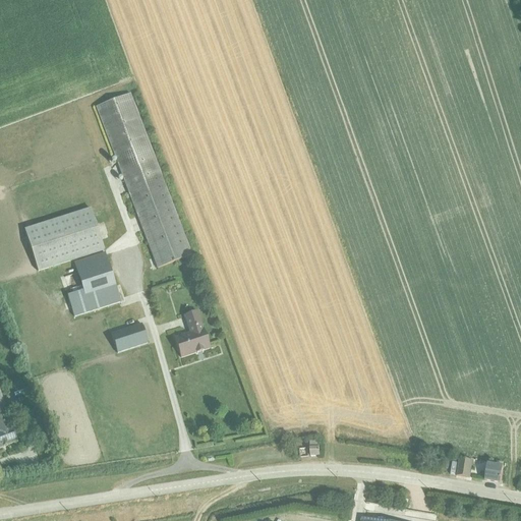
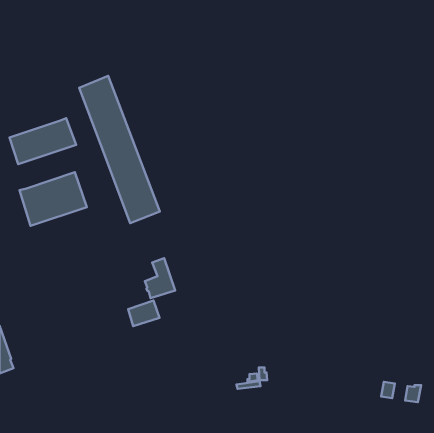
building: none -> [10,118,76,164]
building: [66,249,120,314] -> none
building: [110,321,148,351] -> [128,301,160,326]

